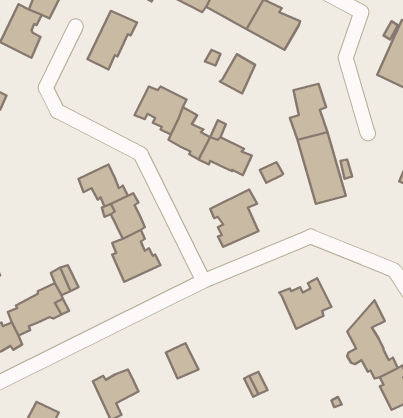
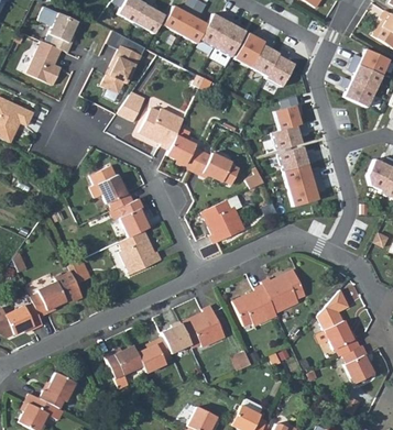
building: [220,54,255,93] -> [264,56,294,89]
building: none -> [121,88,148,120]
building: none -> [234,285,279,326]
building: none -> [183,306,226,346]
building: none -> [138,337,173,372]

